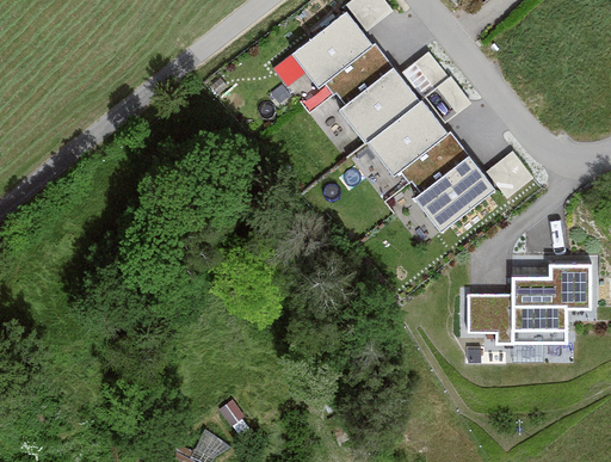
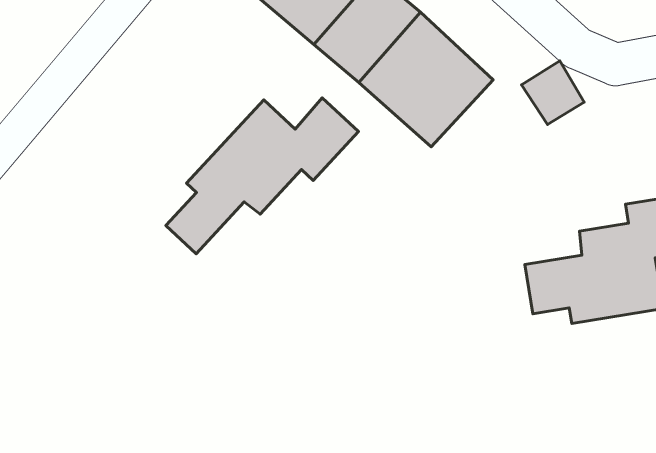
building: none -> [166,98,359,254]
building: [413,156,494,233] -> none

